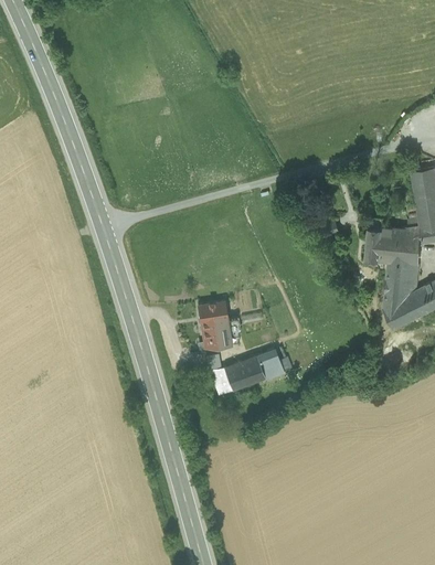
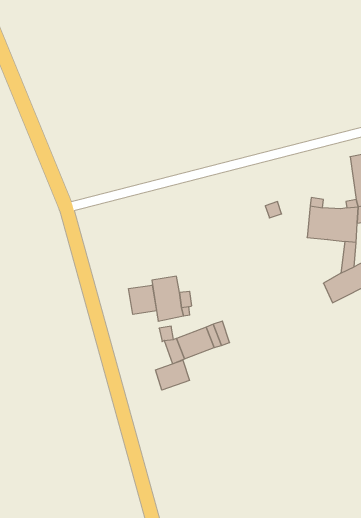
building: [383,262,406,309] -> none
building: none -> [129,285,156,314]
building: none -> [155,360,190,390]

